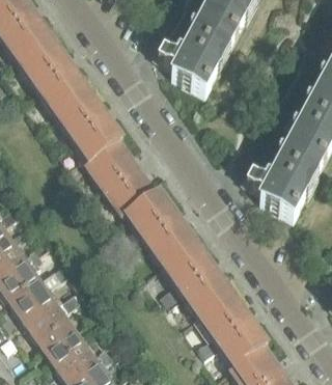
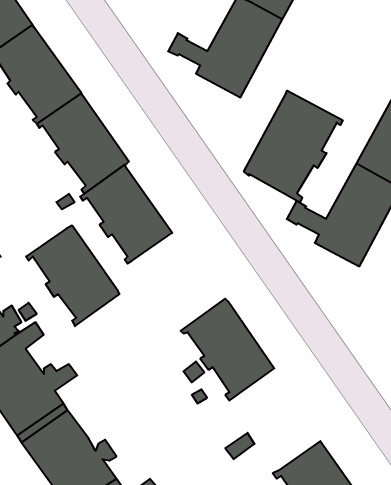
building: none -> [244,91,343,203]
building: [121,186,191,260] -> [26,226,120,326]
building: [194,288,264,364] -> none

